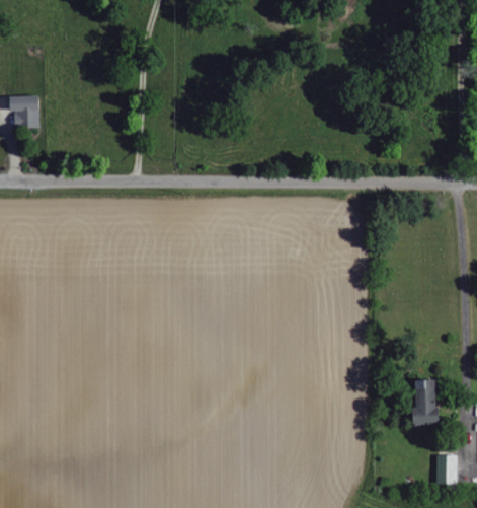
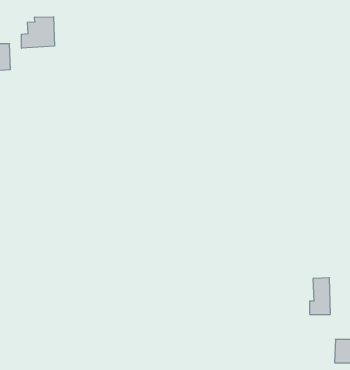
building: none -> [22,17,54,48]

